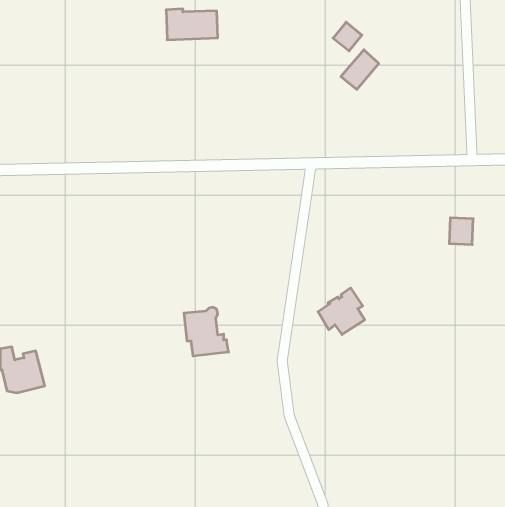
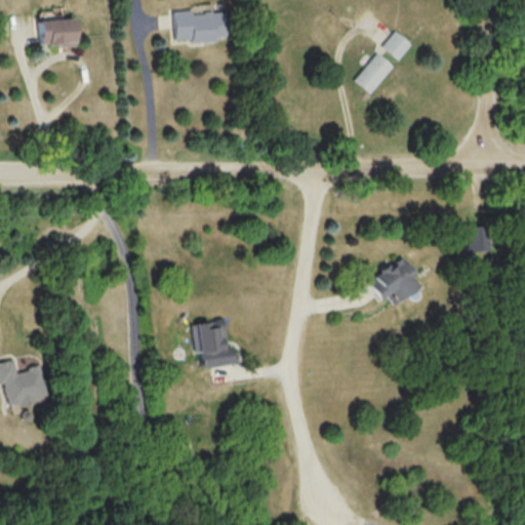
building: none -> [40,18,77,46]
building: [333,22,362,51] -> [382,31,412,60]
building: [318,288,365,335] -> [369,255,417,304]

